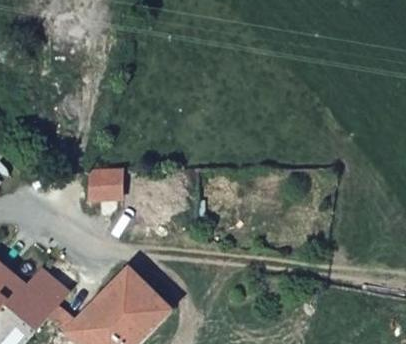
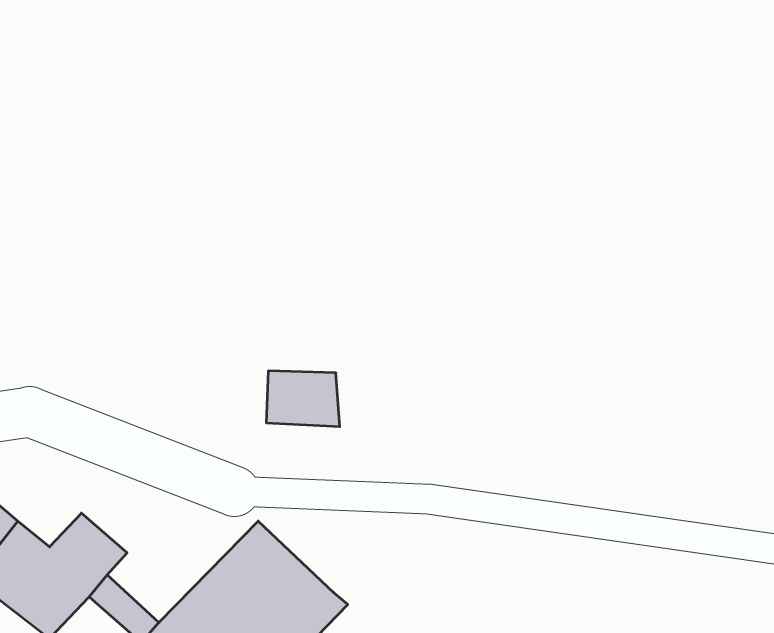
building: [82,171,119,199] -> [266,371,340,427]

